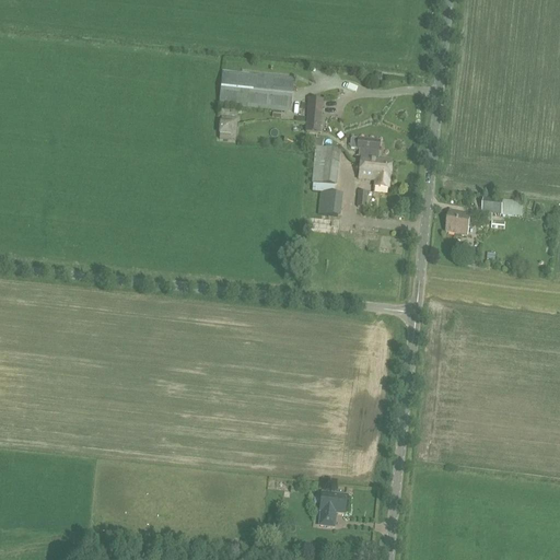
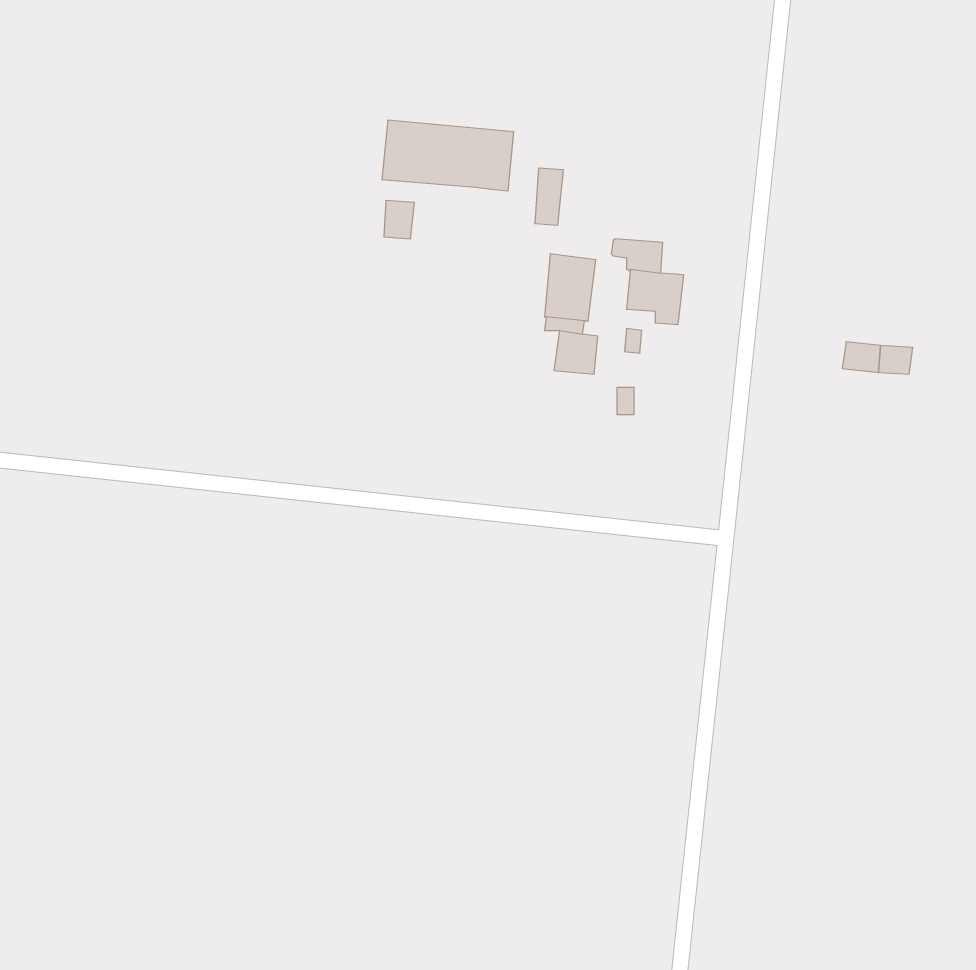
building: [446,210,471,234] -> none
building: [319,491,347,524] -> none

